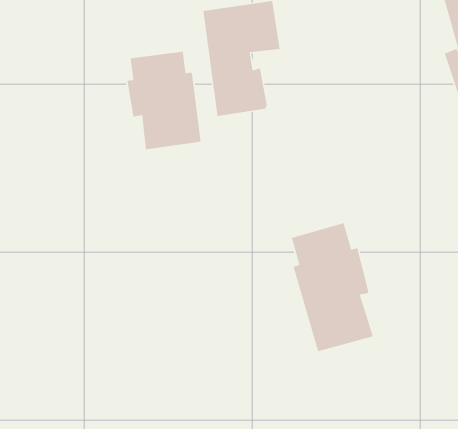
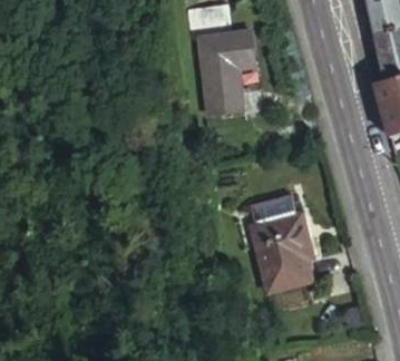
building: [127,51,201,150] -> none

